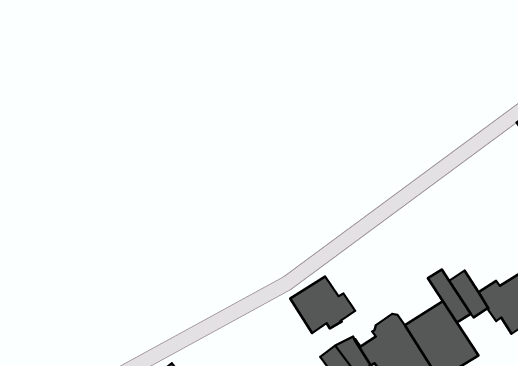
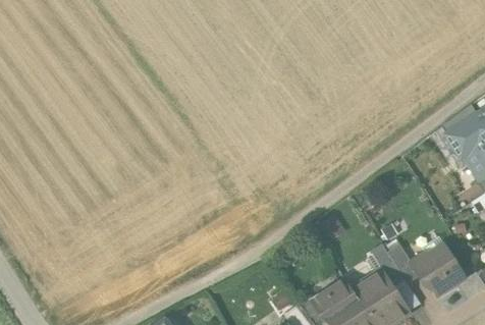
building: [290,276,355,333] -> none

